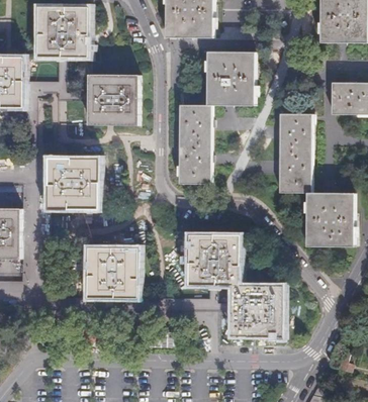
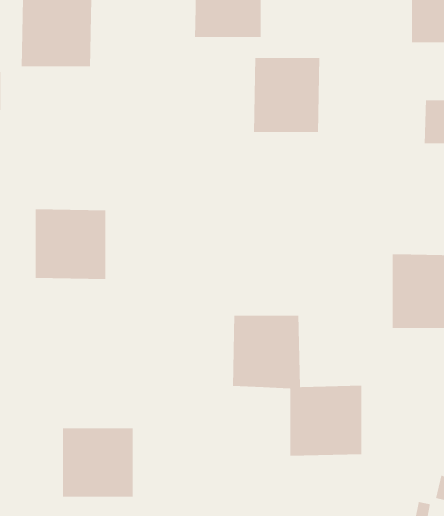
building: [88,74,141,125] -> none
building: [177,103,209,183] -> none
building: [277,112,310,191] -> none
building: [89,246,141,297] -> [62,427,134,497]

